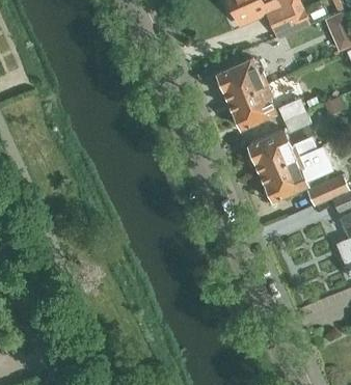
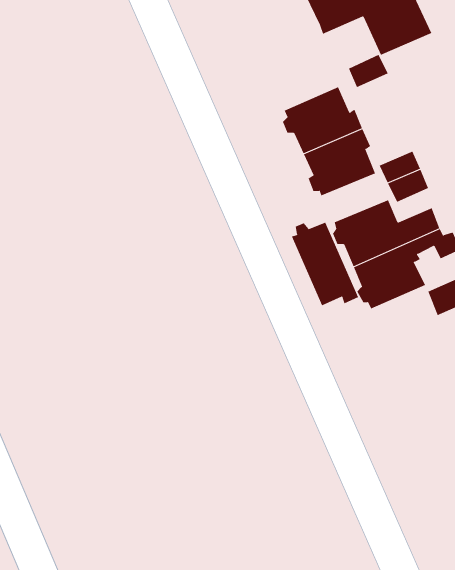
building: none -> [291,222,359,306]

